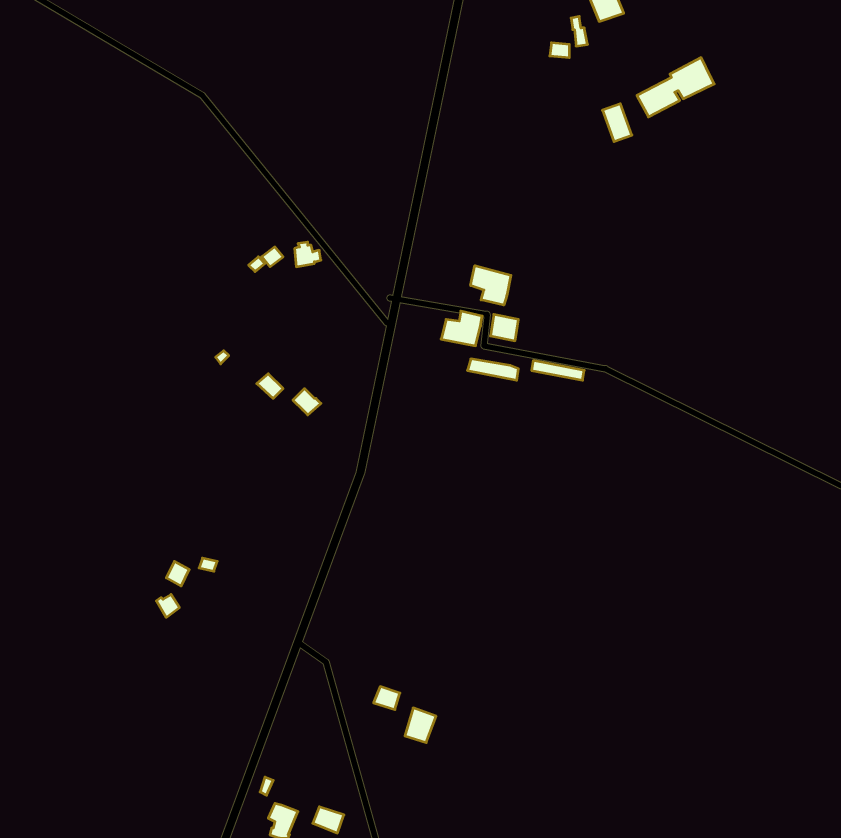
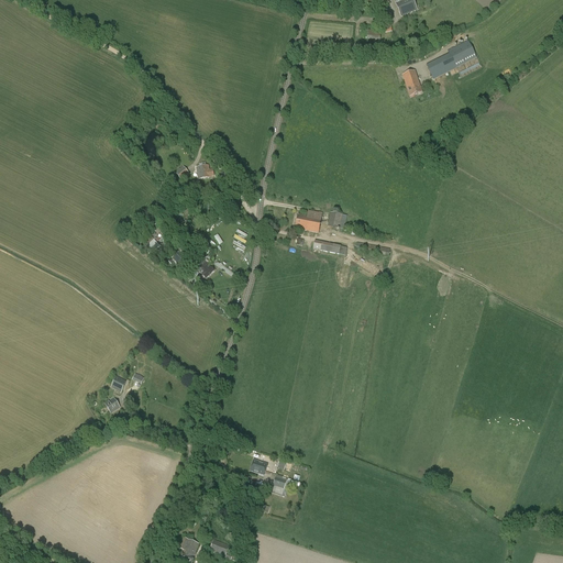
building: [471,266,511,305] -> none

